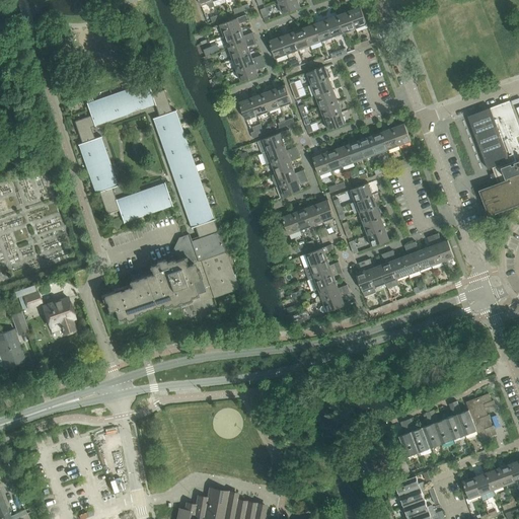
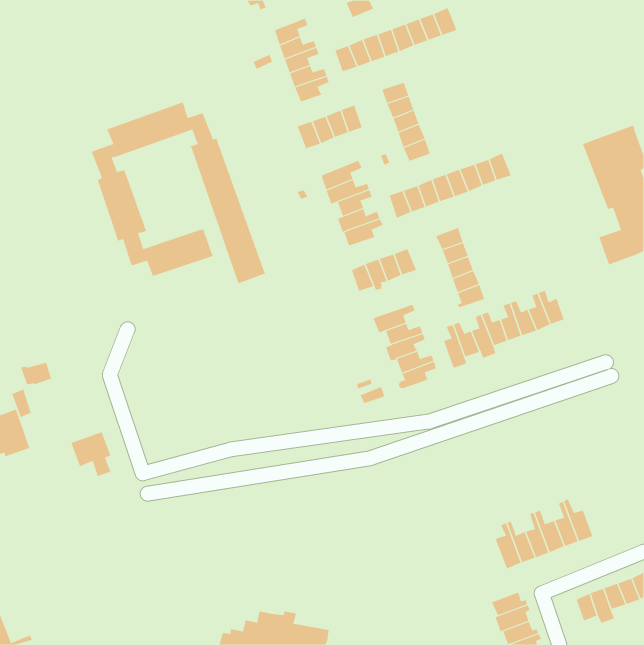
building: [100,220,236,322] -> none
building: [42,298,74,335] -> [71,431,111,477]
building: [465,393,496,443] -> none

